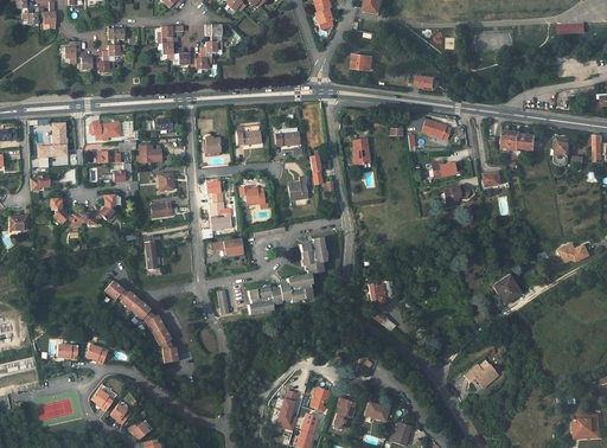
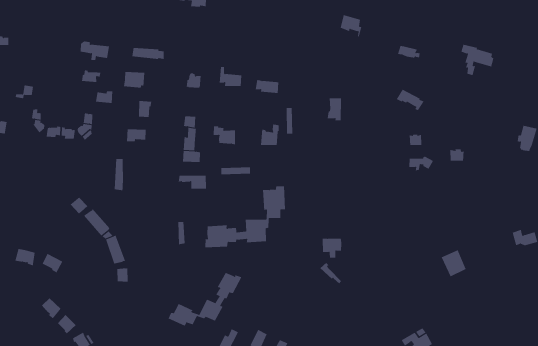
building: [36,123,68,167] -> none
building: [503,129,538,160] -> [461,44,494,76]
building: none -> [168,272,242,326]

